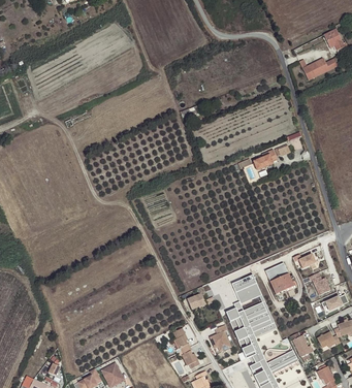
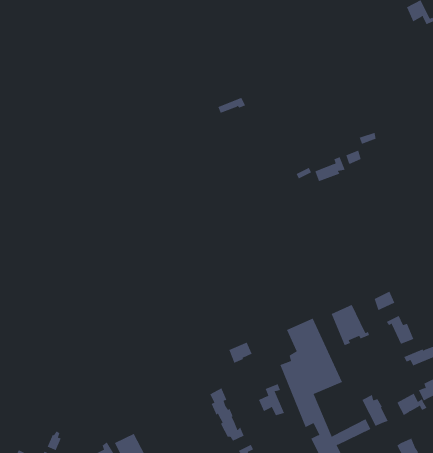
building: [299,58,339,79] -> none

